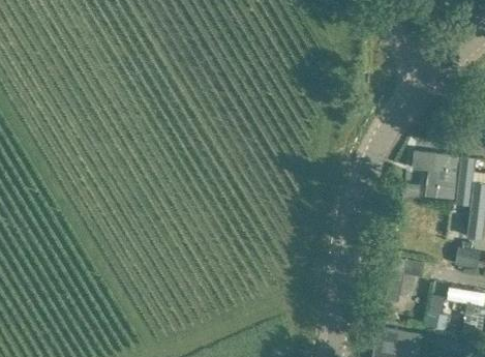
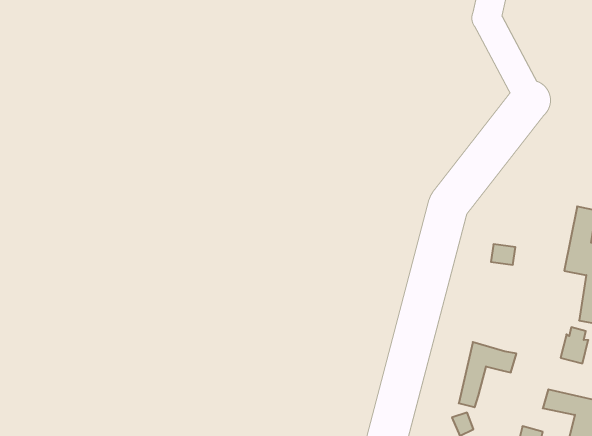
building: [413,152,456,200] -> none

